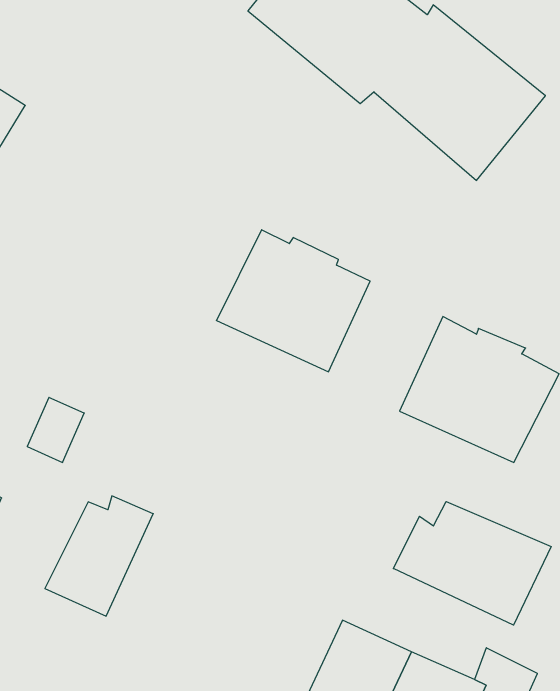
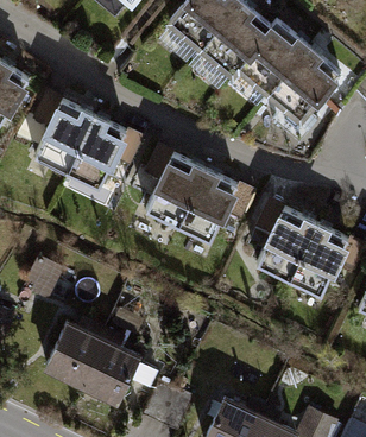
building: none -> [33,101,128,189]
building: [393,502,551,625] -> none
building: none -> [80,327,143,406]

